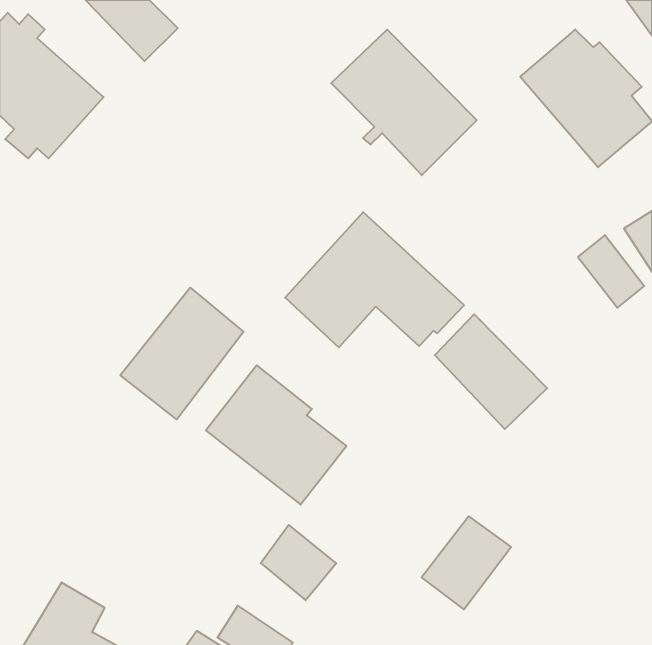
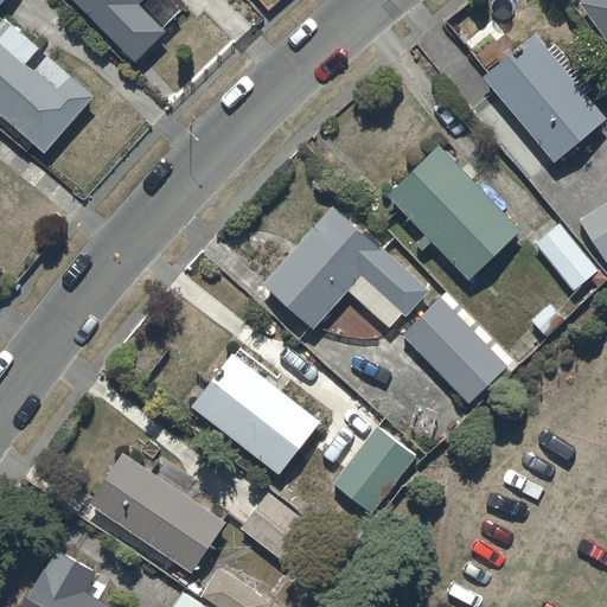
building: [331,30,477,175] -> [385,146,520,281]
building: [120,288,244,419] -> none
building: none -> [88,453,225,579]
building: [422,516,511,609] -> [333,428,416,515]

